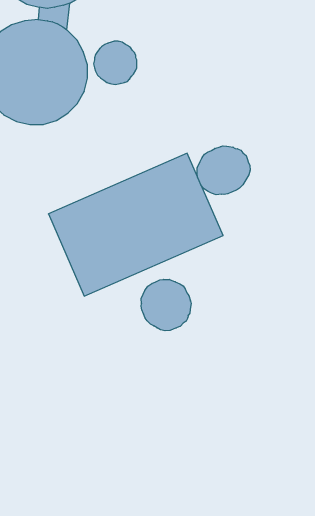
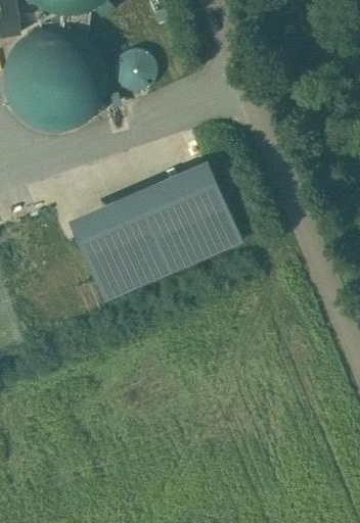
building: [197,146,250,195] -> none
building: [141,279,191,331] -> none

